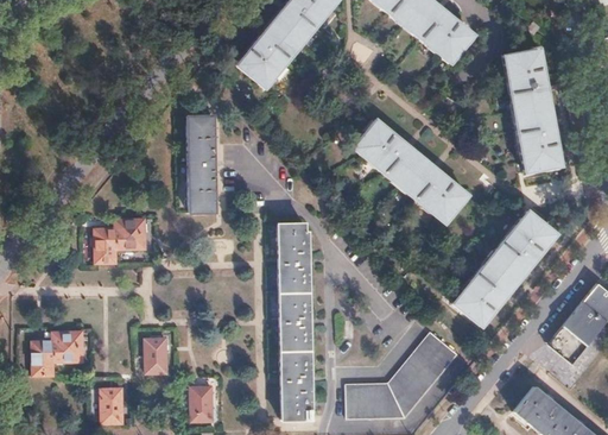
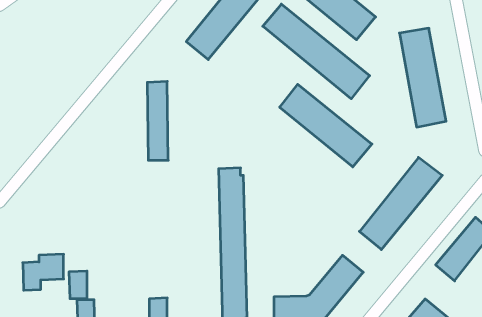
building: none -> [263,4,370,99]
building: [96,218,147,263] -> none
building: [145,338,167,372] -> [69,271,87,299]

